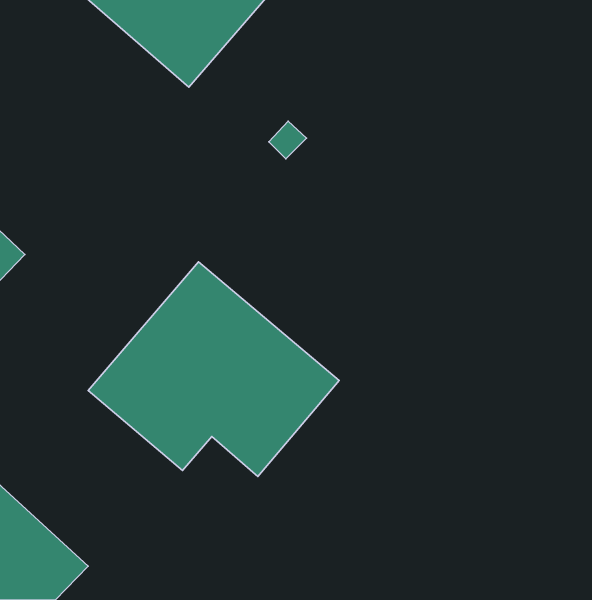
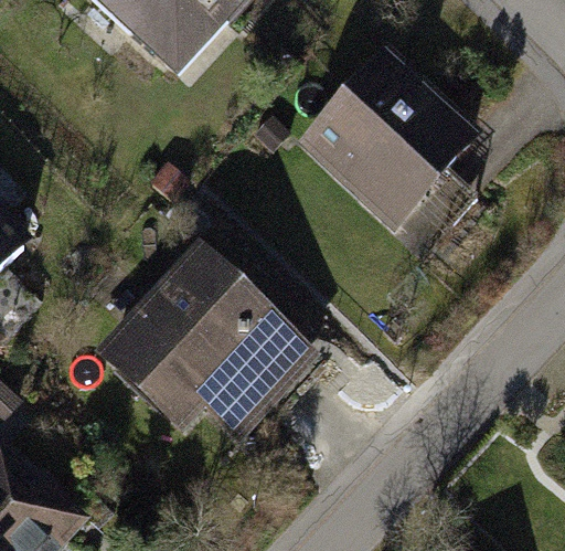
building: none -> [298,43,479,251]

